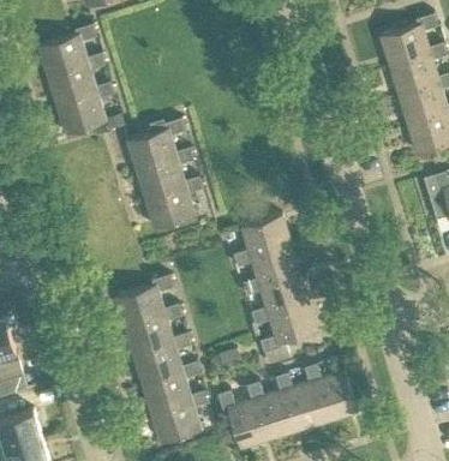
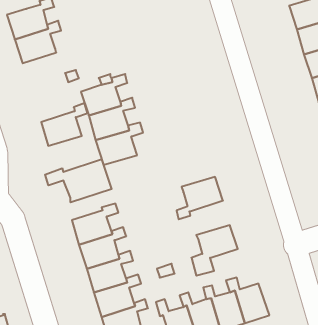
building: [56,83,113,134] -> [41,103,88,146]
building: [234,214,291,267] -> none
building: none -> [45,159,112,202]
building: [252,273,309,324] -> none

